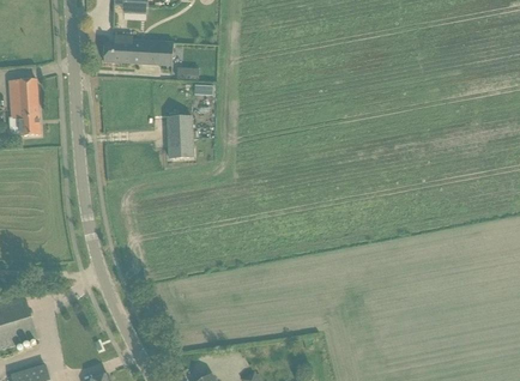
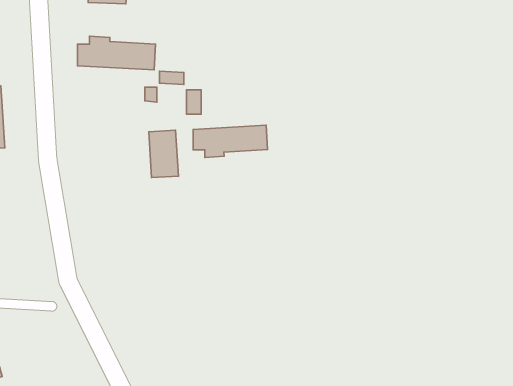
building: none -> [193,125,268,157]

